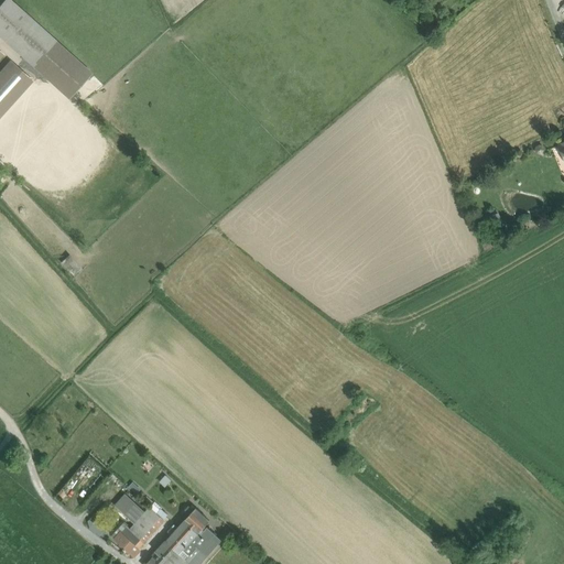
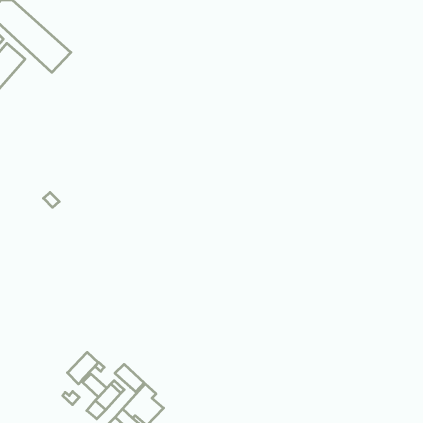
building: none -> [67,352,98,384]
building: none -> [115,364,144,392]

